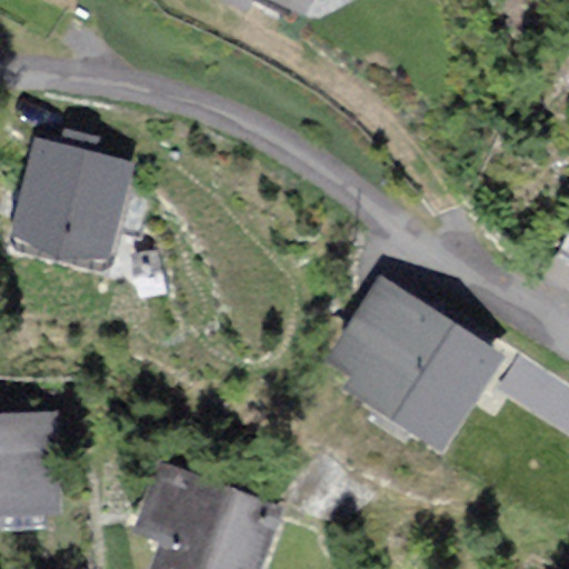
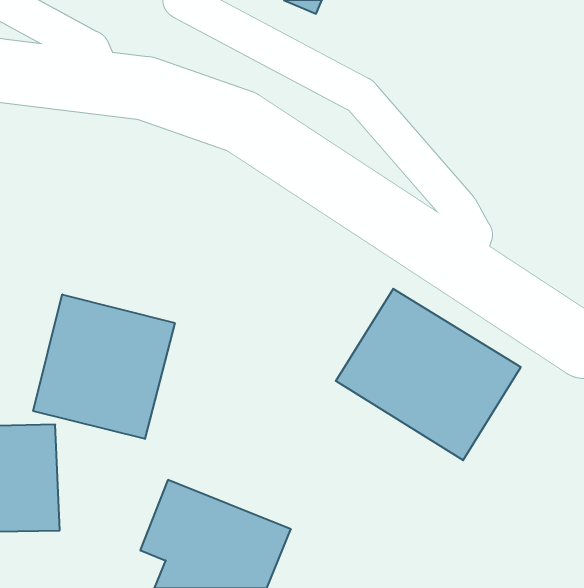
building: [9,139,130,260] -> none
building: none -> [33,294,175,439]

